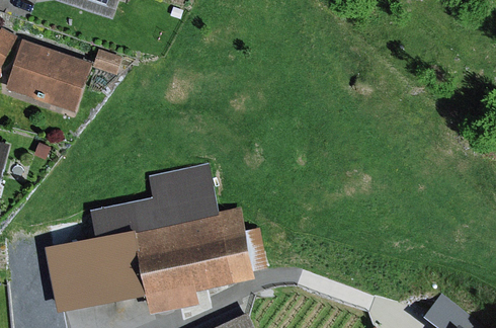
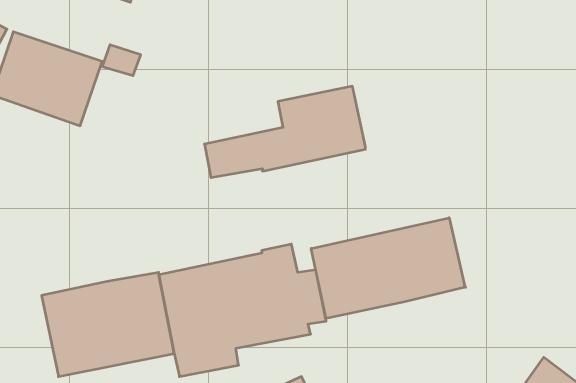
building: [90,165,217,237] -> [204,86,365,178]
building: none -> [311,218,466,318]

